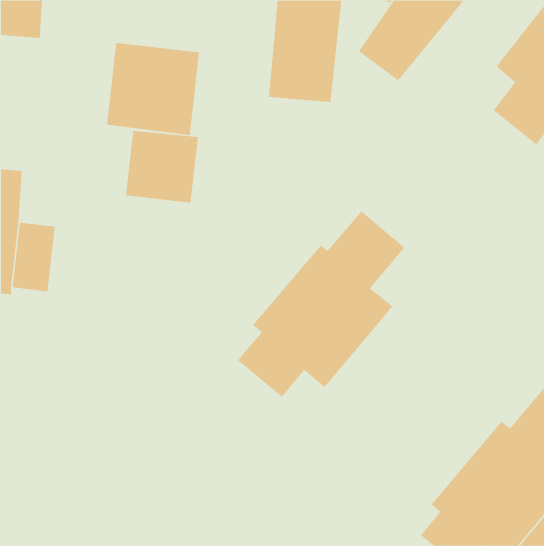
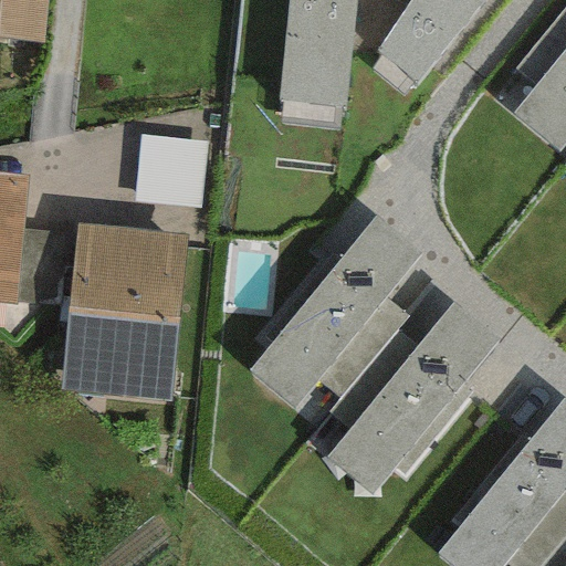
building: [106,42,200,136] -> none
building: none -> [60,224,187,402]
building: none -> [326,302,497,496]

